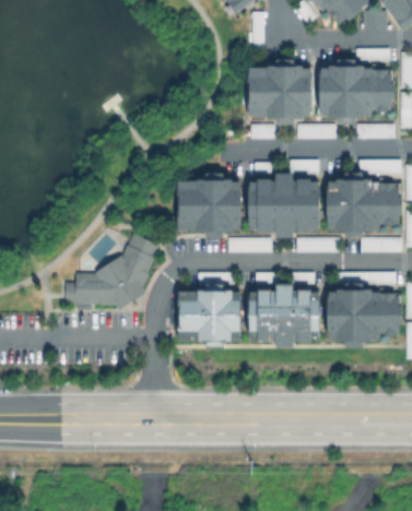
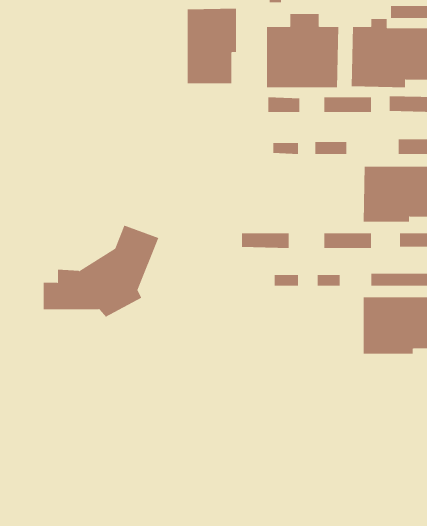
building: none -> [187,8,236,84]
building: [251,175,316,235] -> none
building: [179,182,237,230] -> none
building: [251,286,315,342] -> none
building: [180,292,237,341] -> none

